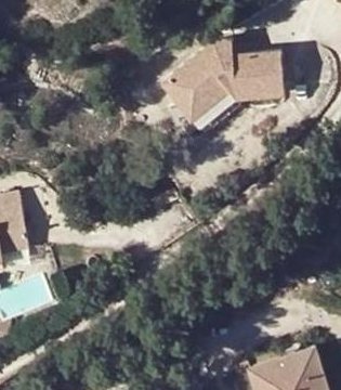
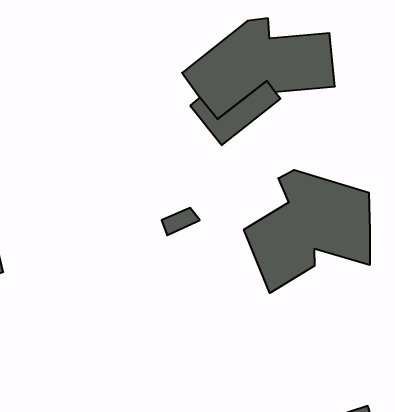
building: none -> [244,170,370,293]

